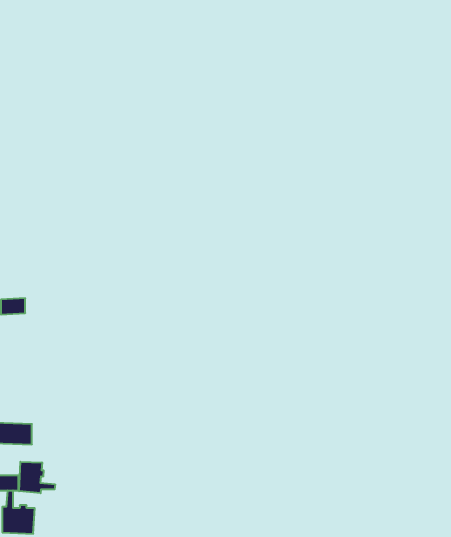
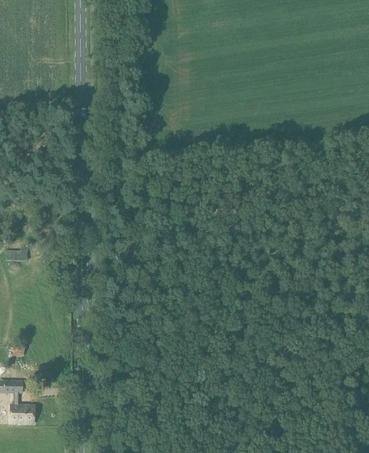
building: [19,462,55,493] -> none

